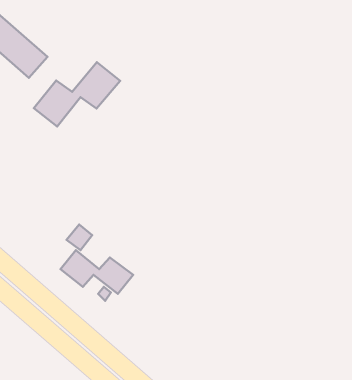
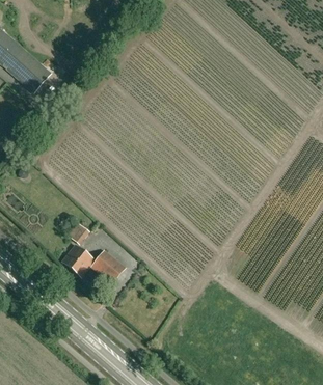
building: [34,62,120,127] -> none

